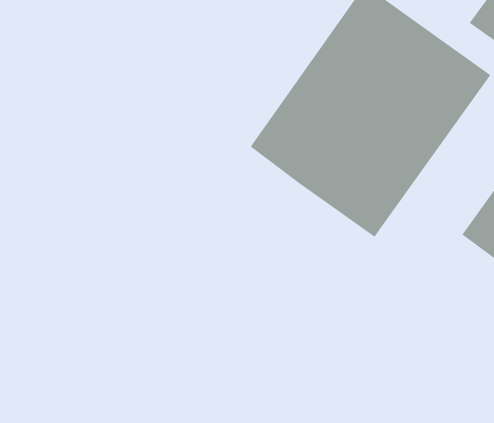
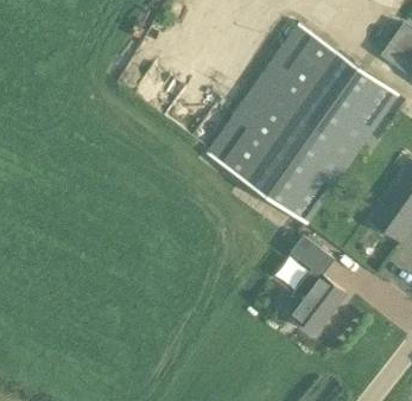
building: none -> [290,234,344,331]

